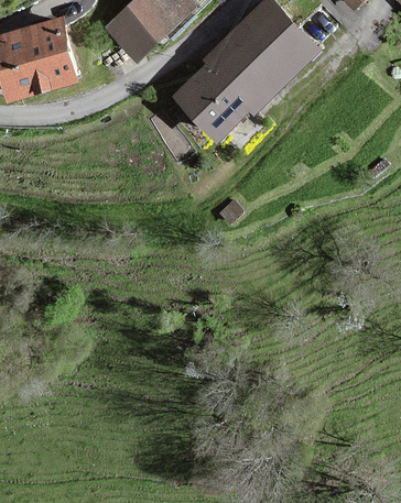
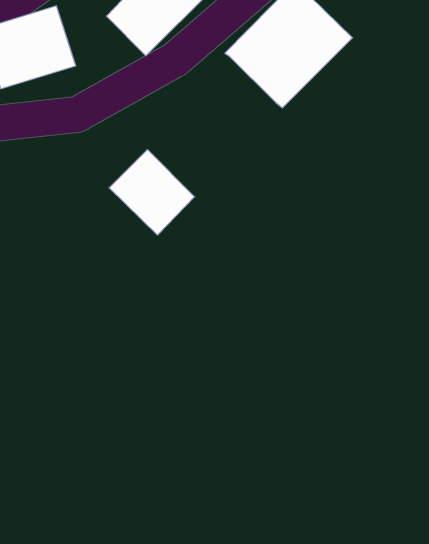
building: [177,62,251,135] -> [109,150,195,235]

